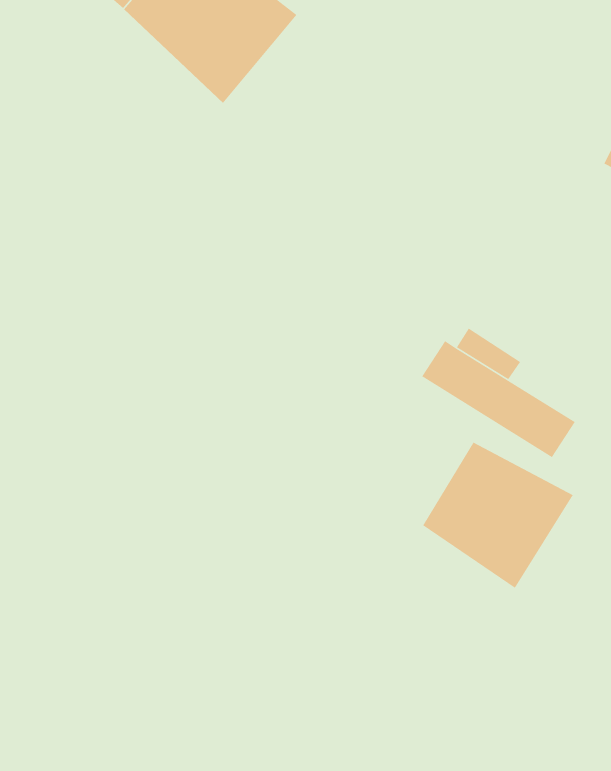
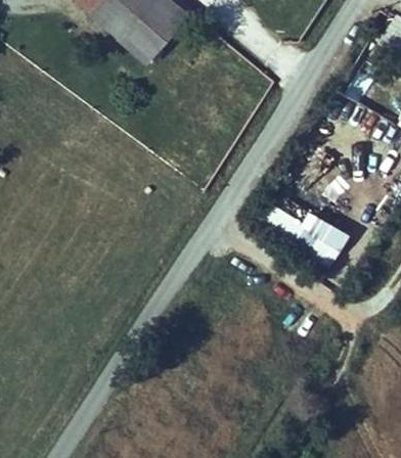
building: [422,441,574,589] -> none

